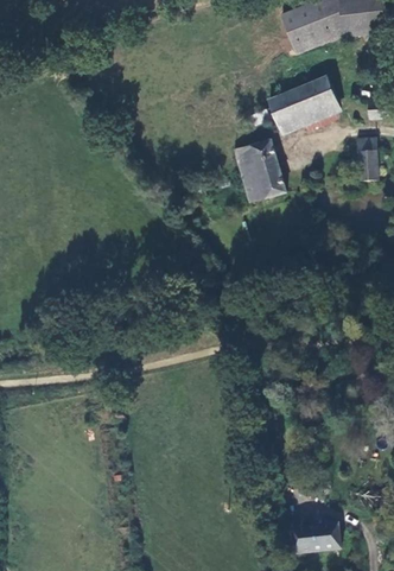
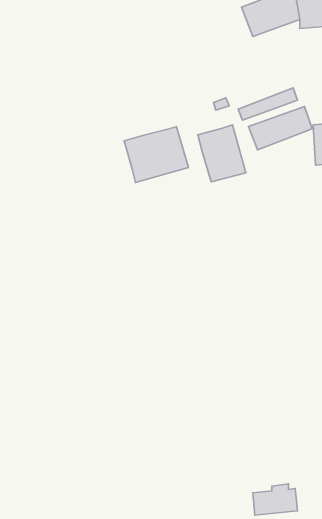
building: [268,76,336,122] -> [248,106,312,150]
building: none -> [124,127,189,182]

